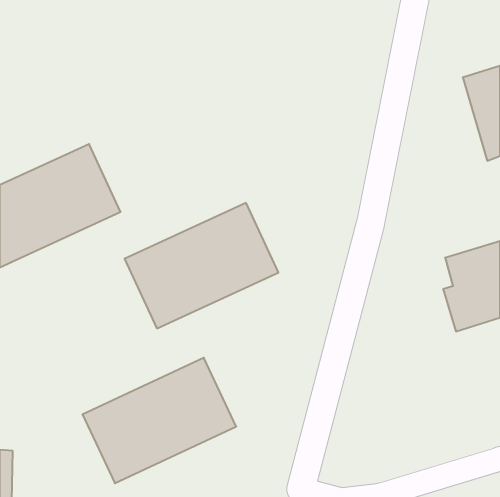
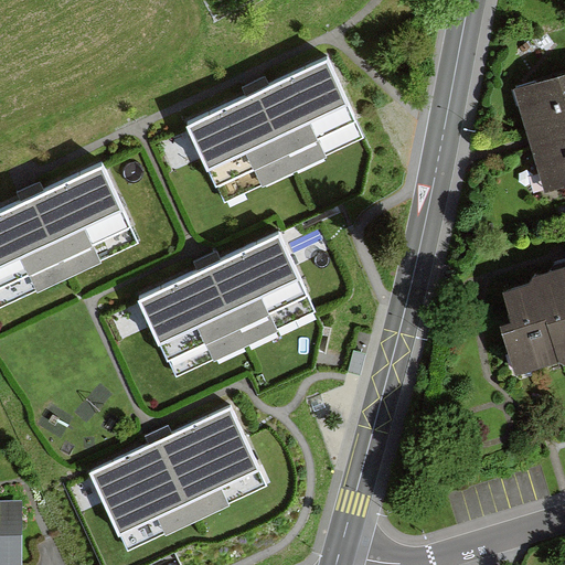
building: none -> [190,60,362,201]

